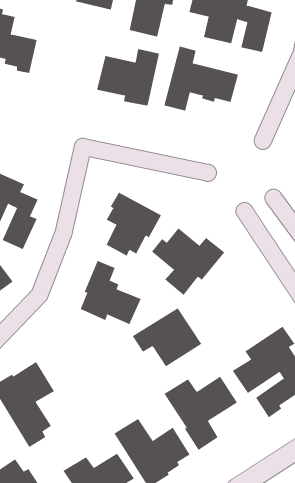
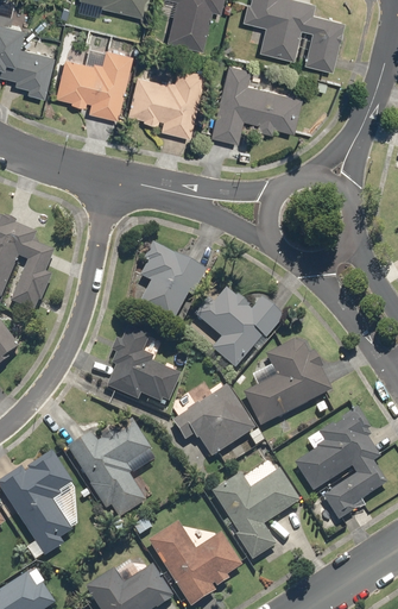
building: none -> [56,42,133,117]
building: none -> [244,339,333,425]
building: none -> [68,414,159,521]

